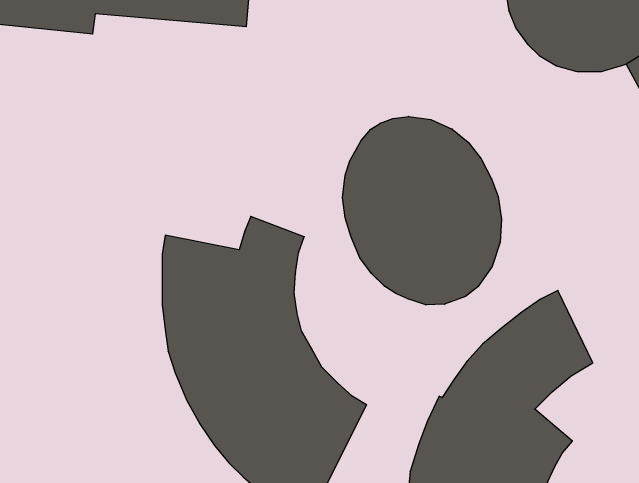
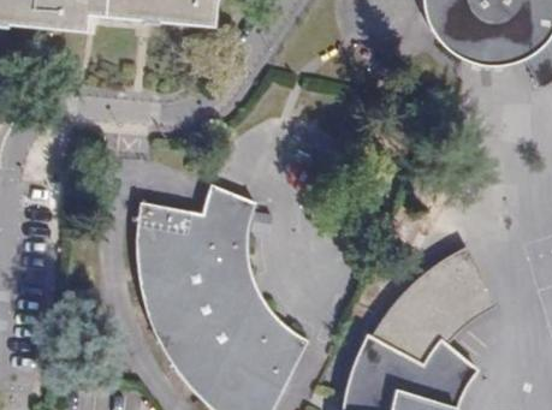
building: [342,116,502,305] -> none

